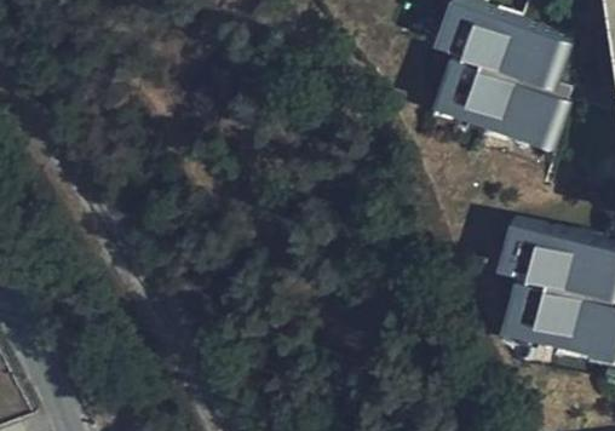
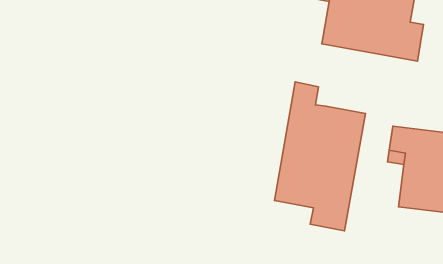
building: none -> [274,82,366,231]

